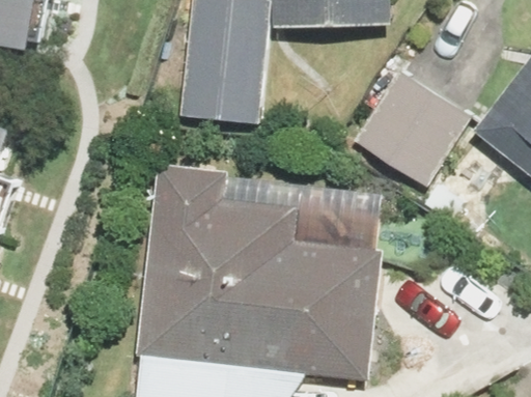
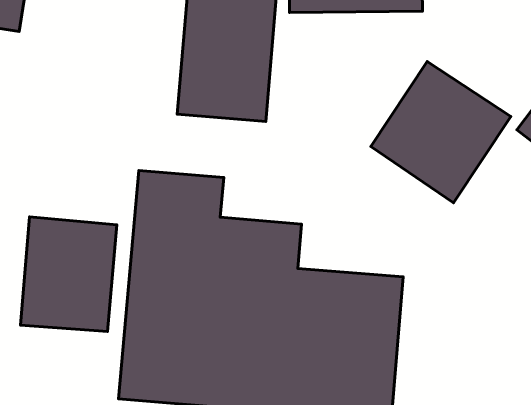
building: none -> [20,217,117,331]

